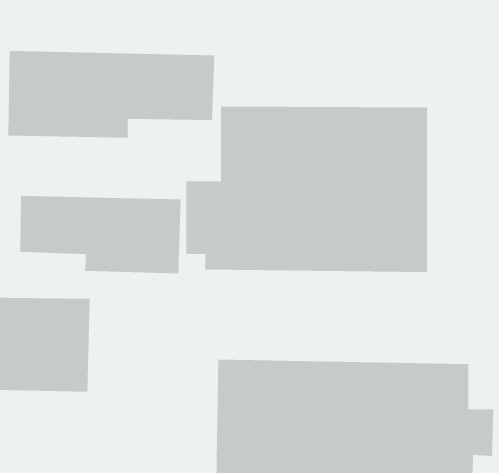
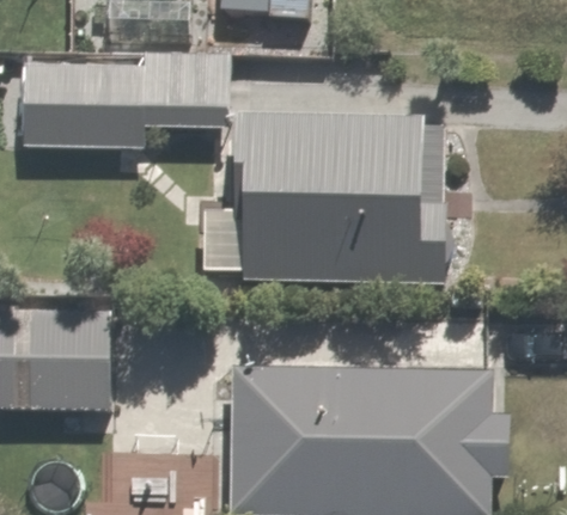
building: [20,195,181,274] -> none

